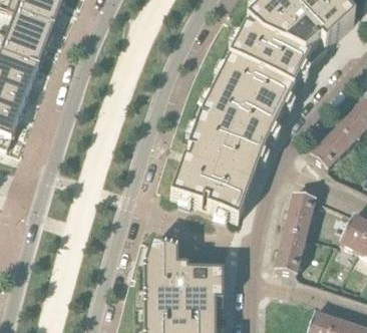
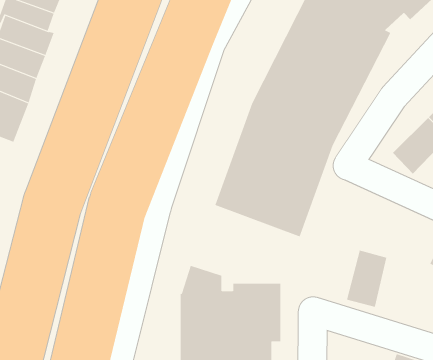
building: [284,191,316,235] -> none

